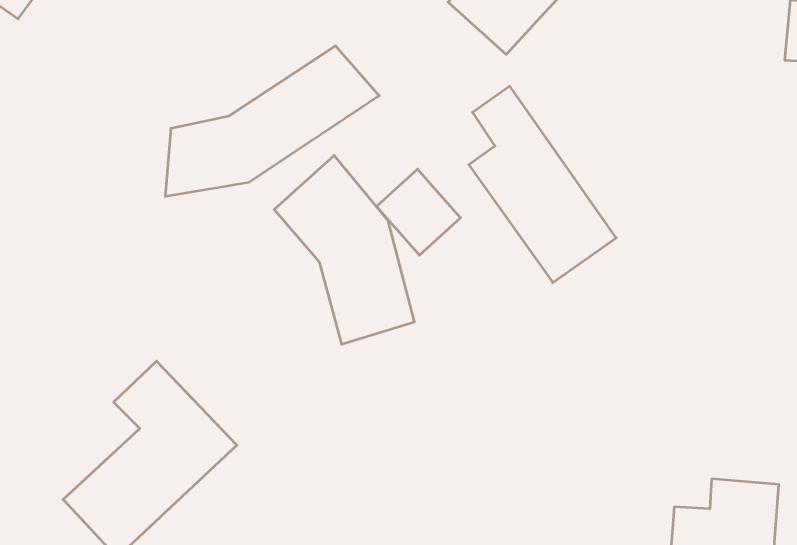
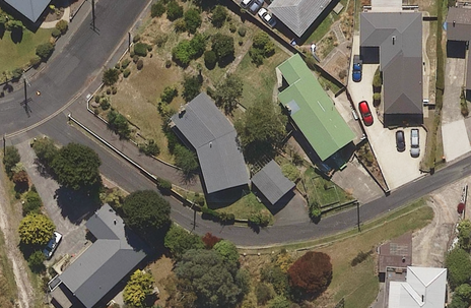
building: none -> [360,13,424,114]
building: [165,46,379,197] -> none
building: [376,169,461,255] -> [248,157,293,203]

